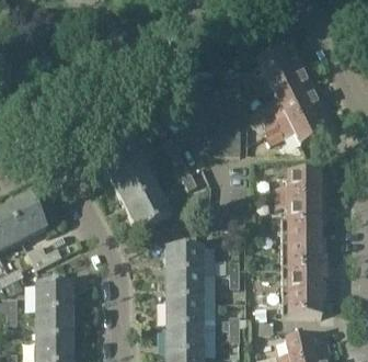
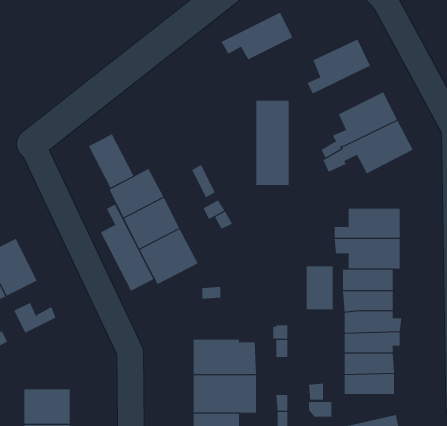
building: [256,63,312,100] -> [221,12,293,60]
building: none -> [88,134,134,188]
building: none -> [100,204,154,292]
building: none -> [306,266,333,310]
building: [165,247,202,273] -> none
building: [35,272,71,312] -> none

